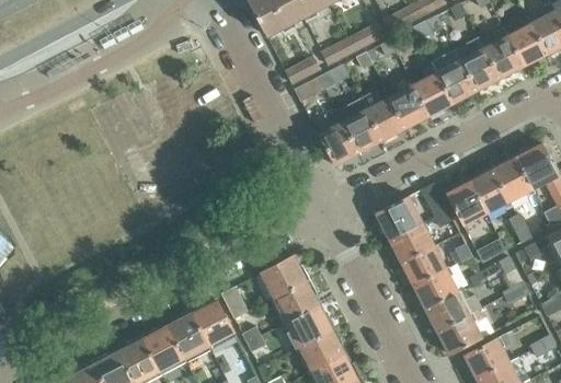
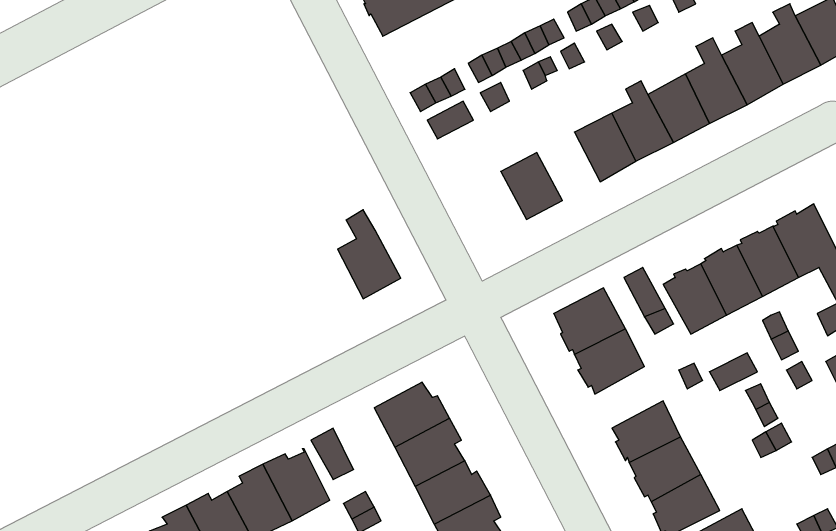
building: [359,89,405,140] -> none
building: [318,108,358,165] -> [338,210,401,299]
building: [402,246,446,286] -> none

